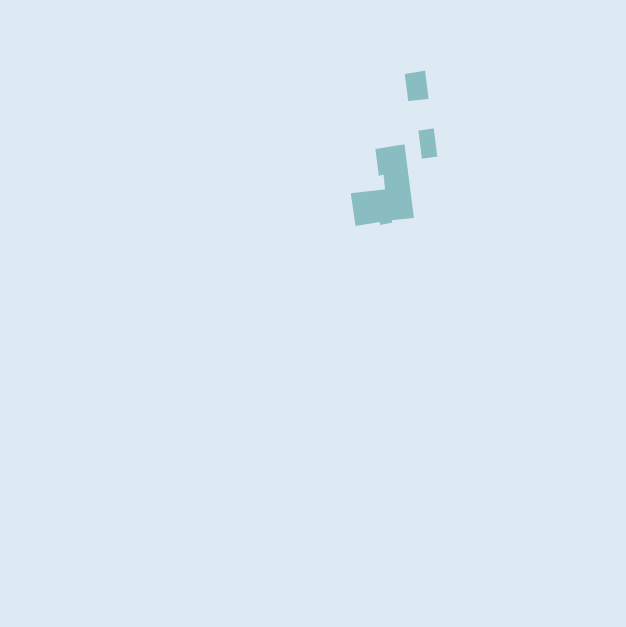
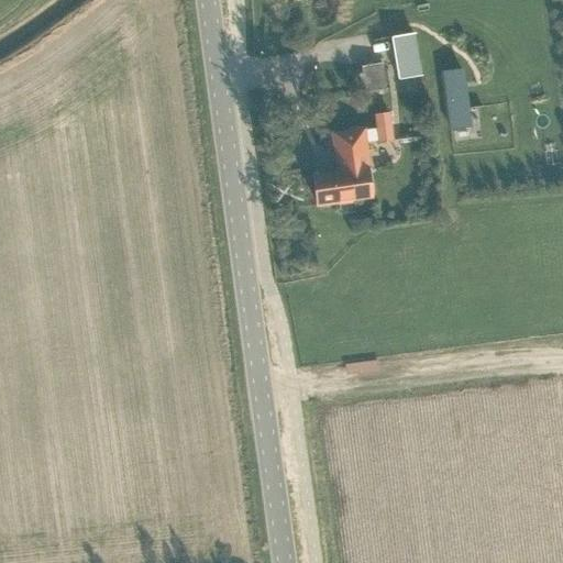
building: none -> [391,33,420,69]
building: none -> [443,69,471,129]

